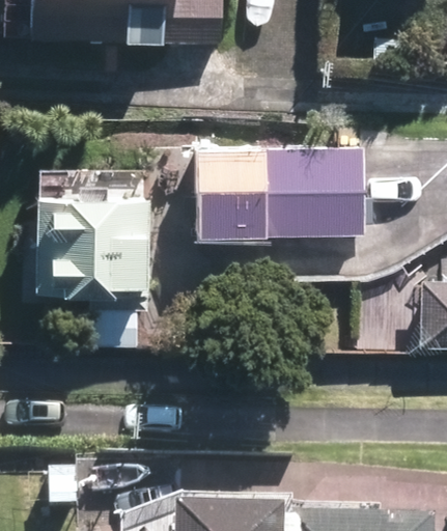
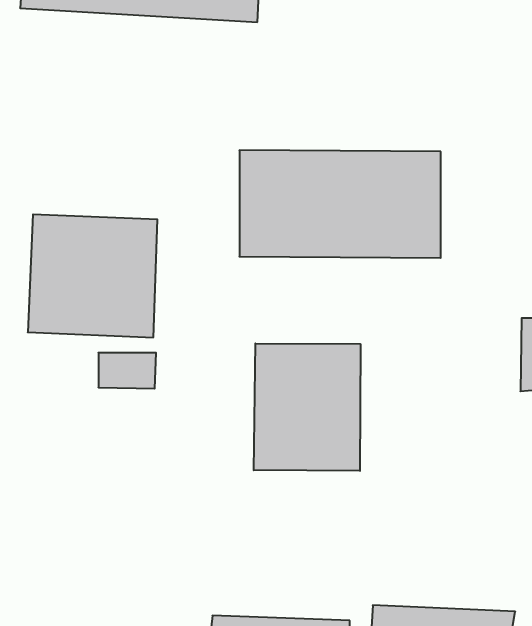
building: none -> [254,343,360,471]

